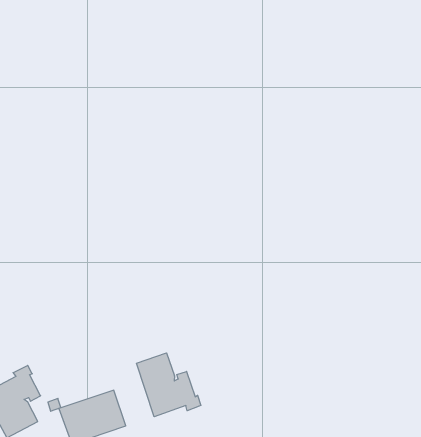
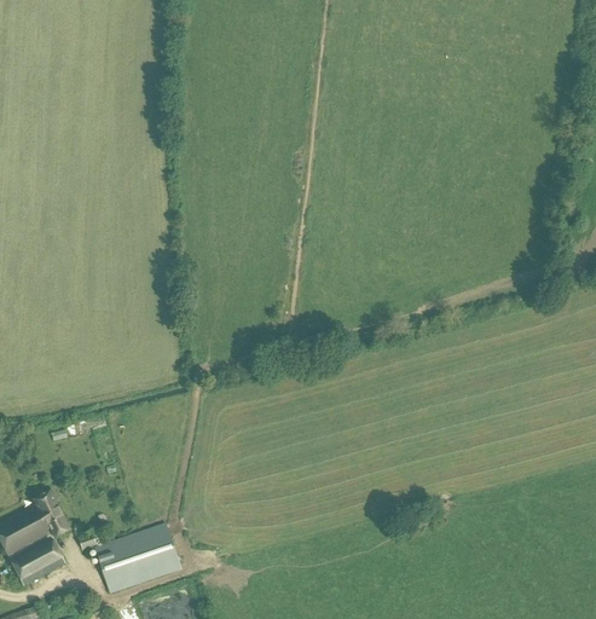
building: [136,353,201,417] -> none

